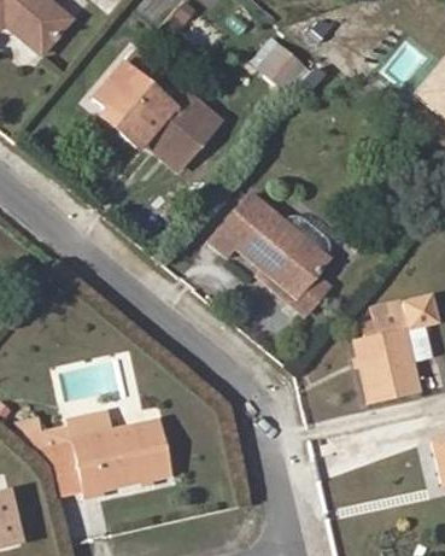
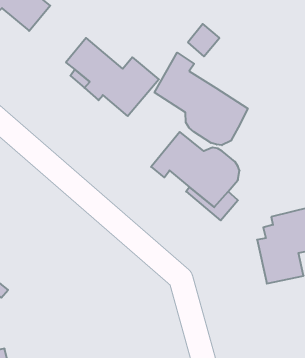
building: none -> [155,53,248,145]
building: [21,420,172,497] -> none

